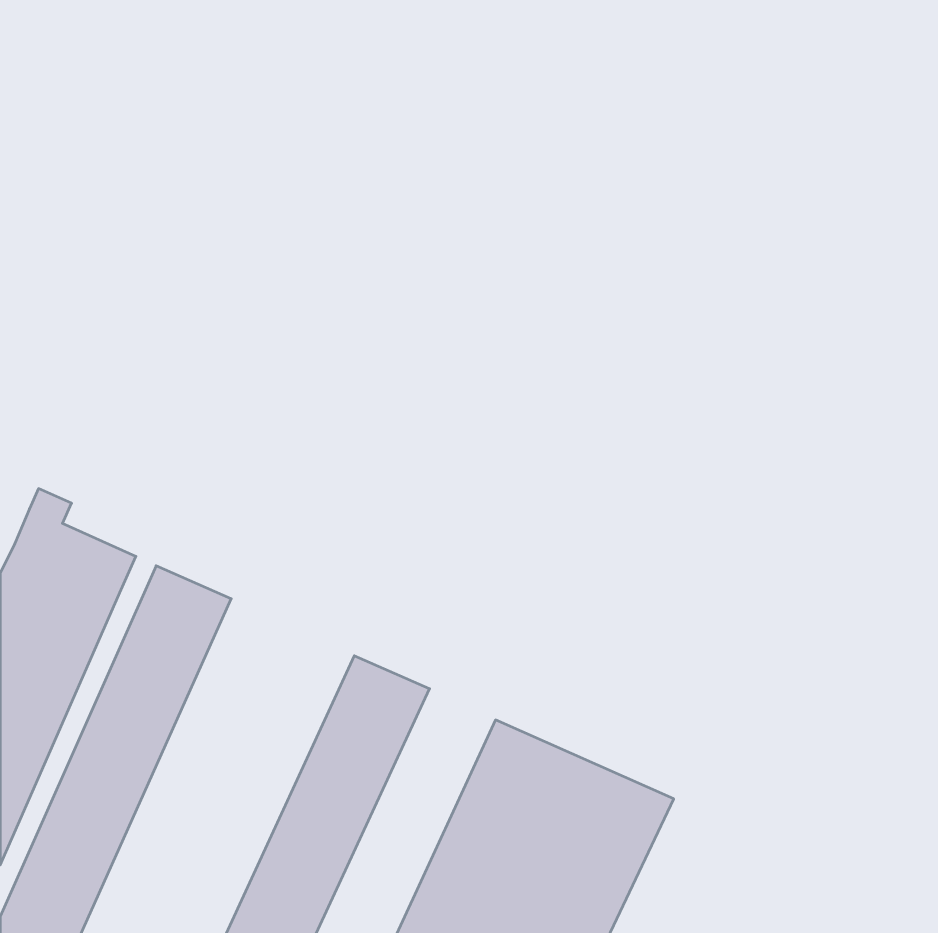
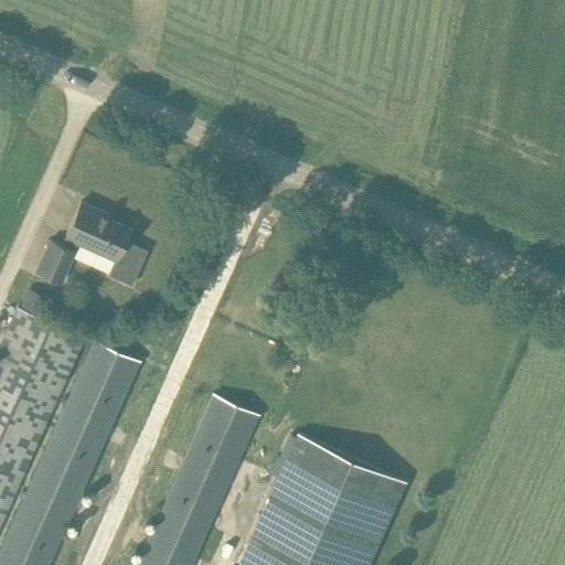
building: none -> [35,204,147,286]

